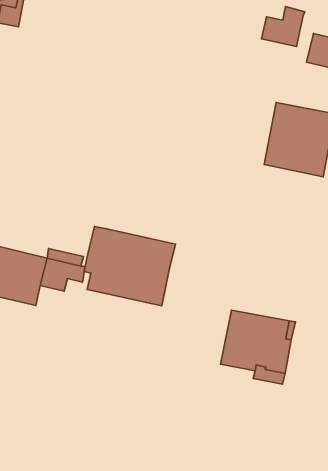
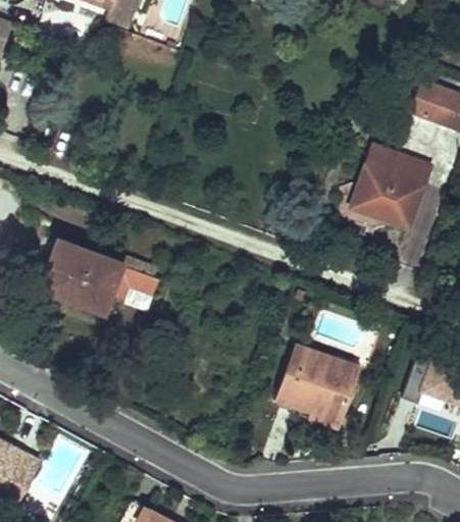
building: [261,6,305,46] -> none
building: [84,227,176,306] -> none

